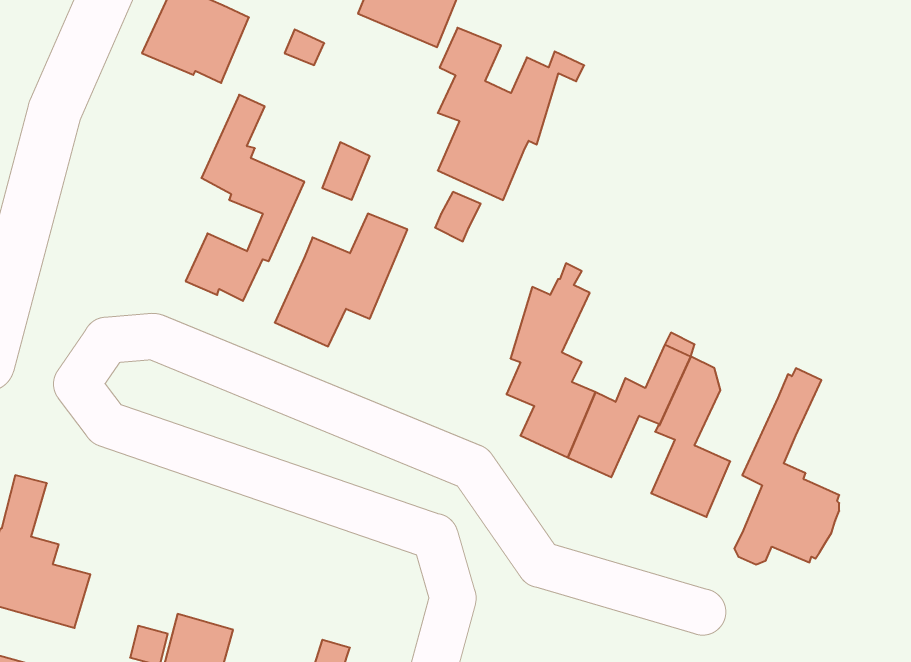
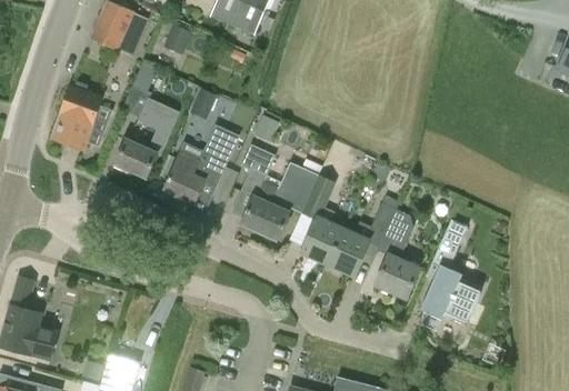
building: [438,28,584,200] -> [240,144,322,241]
building: none -> [51,82,102,150]

